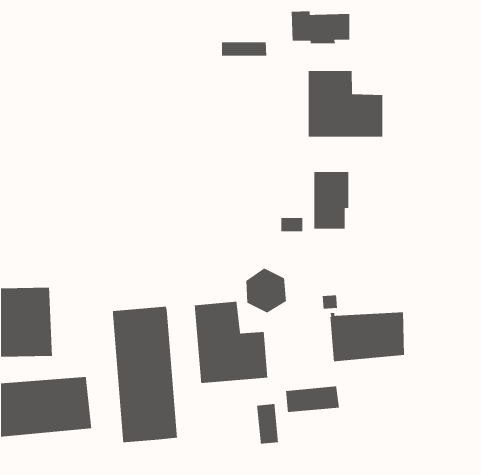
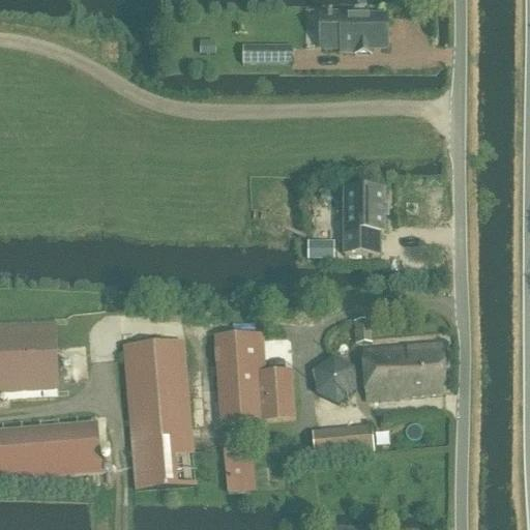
building: [308,70,383,137] -> none
building: [245,267,287,314] -> [314,348,359,399]
building: [256,403,279,445] -> [223,446,247,492]

